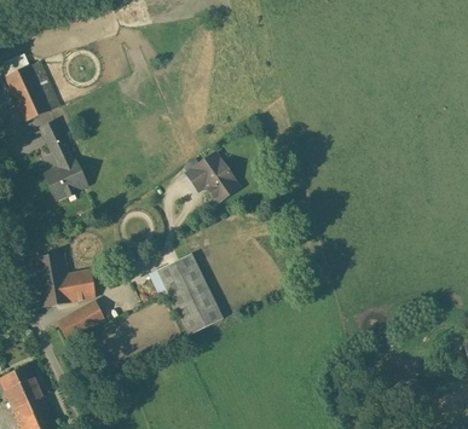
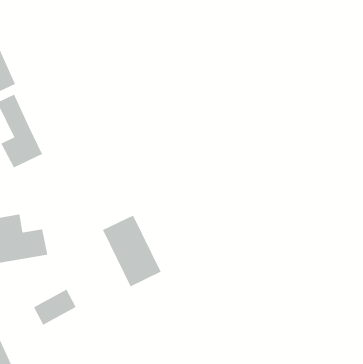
building: [184,149,242,203] -> none
building: [57,300,105,341] -> [33,289,76,326]

